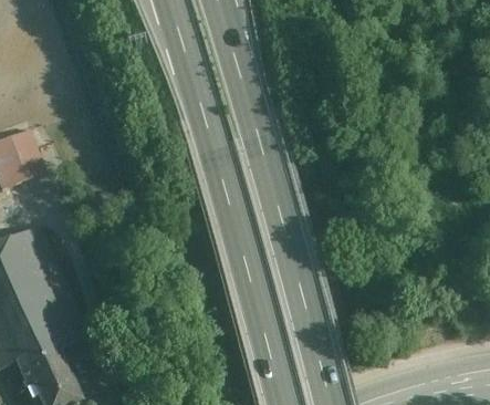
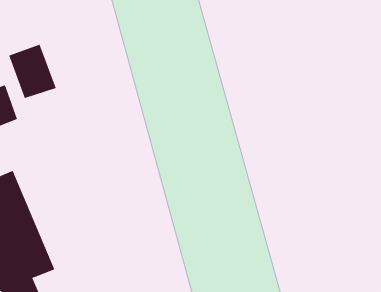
building: none -> [8,44,56,99]

